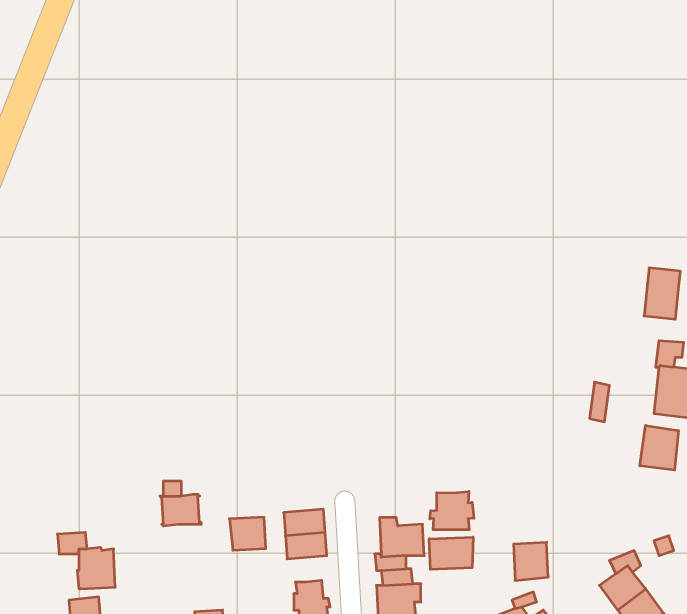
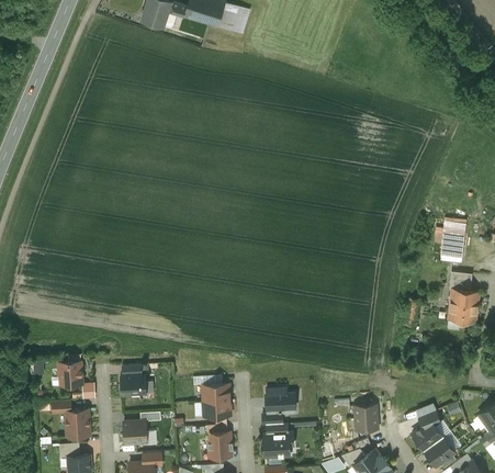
building: [640,425,679,470] -> none
building: none -> [58,362,82,385]
building: [430,491,474,530] -> none
building: [229,517,266,550] -> [123,421,147,443]
building: [429,537,473,569] -> none

